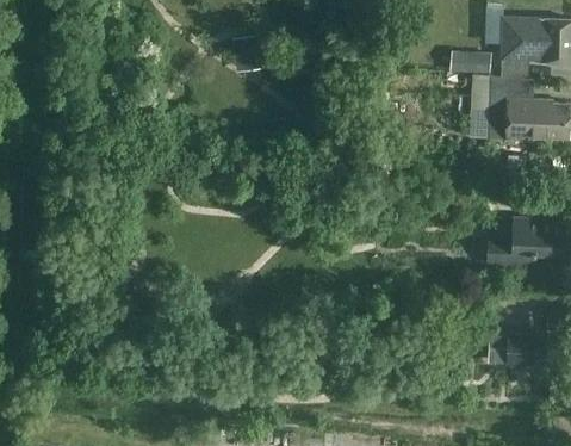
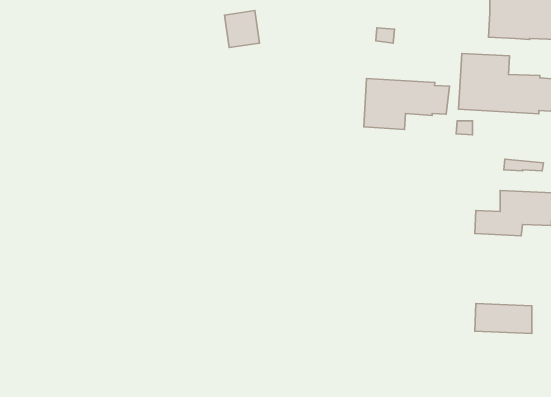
building: [451,52,490,73] -> none
building: none -> [364,78,449,129]

